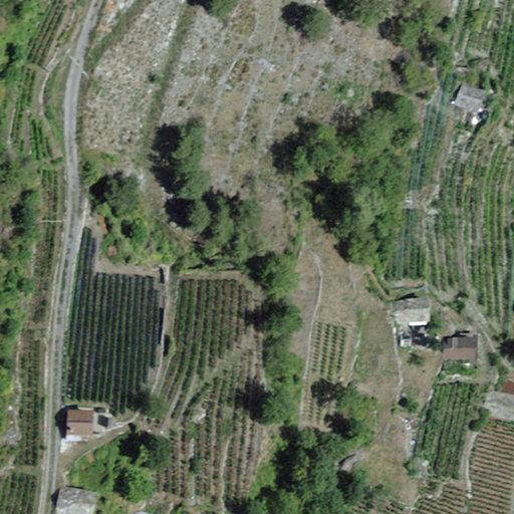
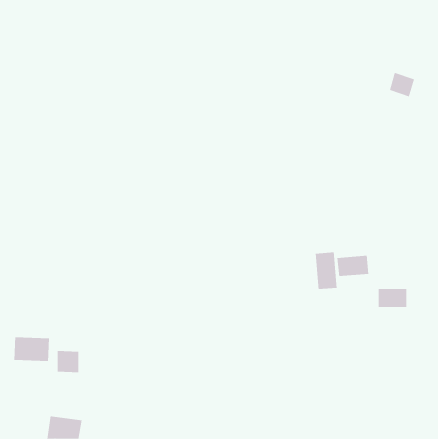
building: none -> [315,252,337,290]
building: none -> [14,337,50,362]

